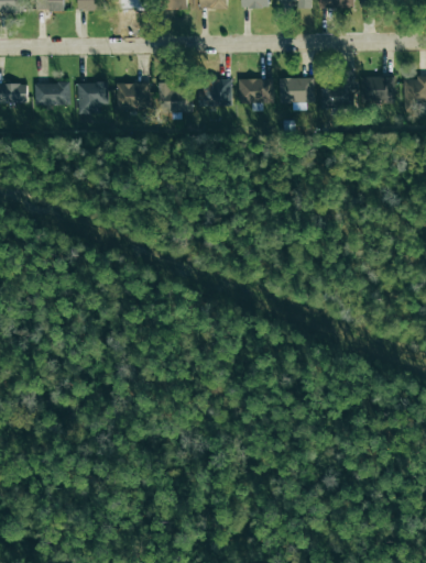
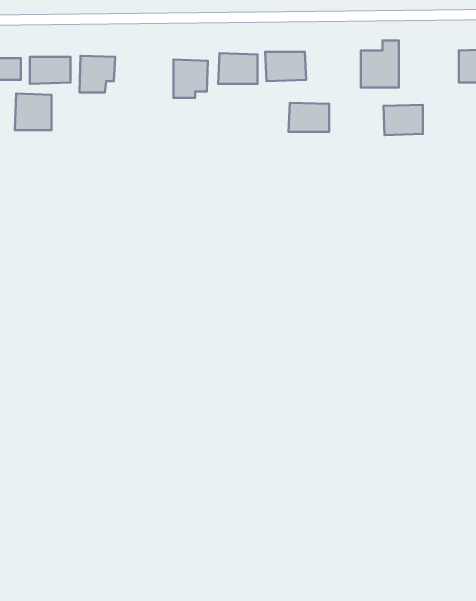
building: [360,76,394,102] -> [383,105,423,135]
building: [278,77,314,102] -> [288,103,329,132]
building: [117,82,150,110] -> none
building: none -> [15,93,51,130]

